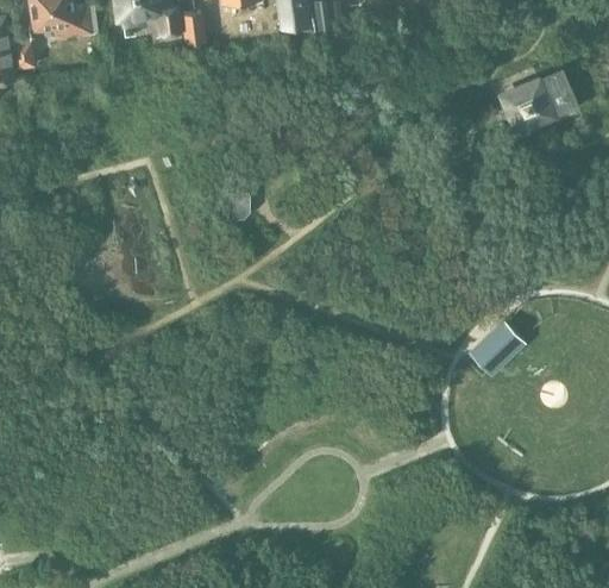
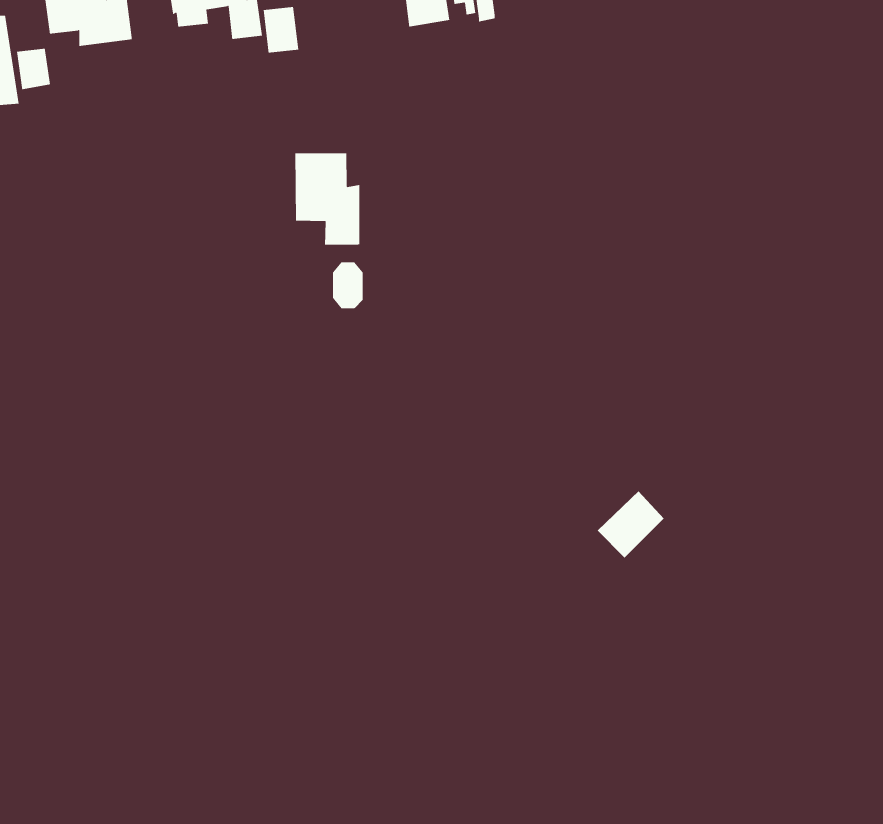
building: [502,69,577,130] -> none
building: none -> [295,153,360,245]
building: [472,324,519,370] -> [597,491,664,558]

